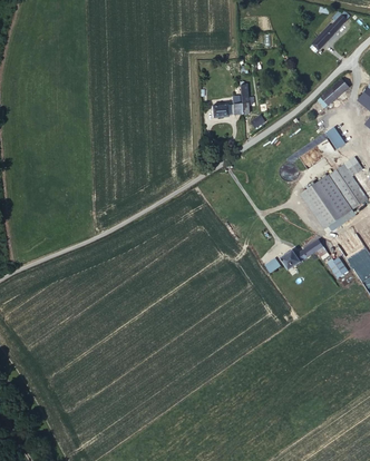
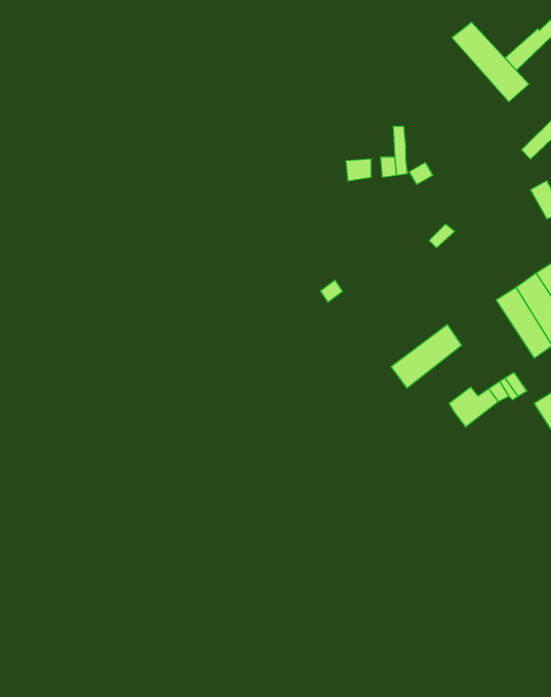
building: none -> [452,22,529,102]
building: none -> [391,324,462,388]

